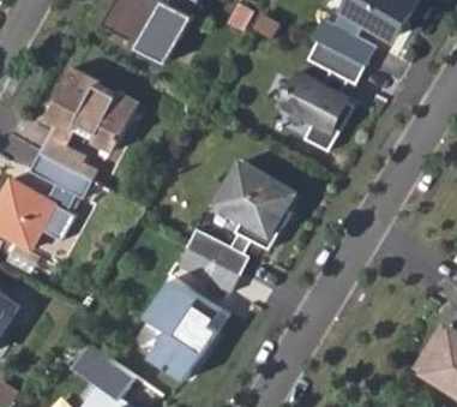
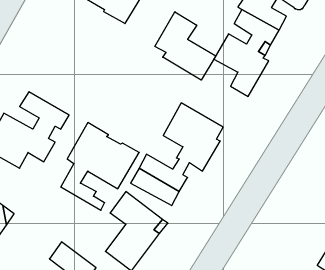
building: none -> [155,12,216,80]
building: [42,66,143,179] -> [61,123,139,210]

